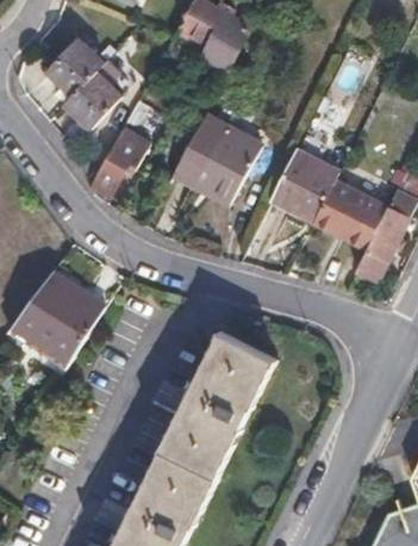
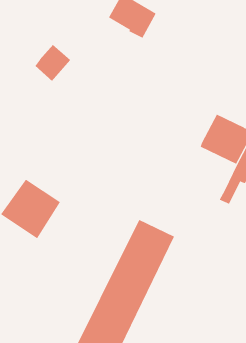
building: [45,41,99,95] -> none
building: [173,113,258,204] -> none
building: [87,125,150,198] -> none
building: [269,151,337,219] -> none

